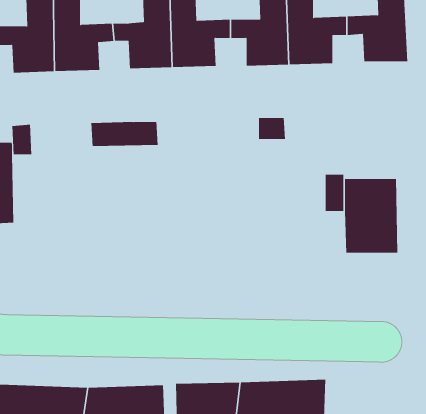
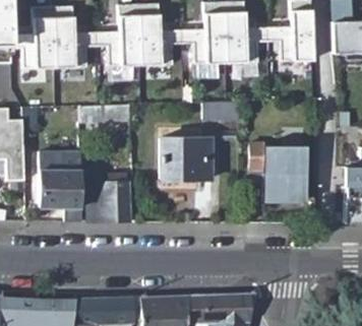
building: none -> [161,139,212,179]
building: none -> [40,152,82,220]
building: none -> [86,176,129,221]

